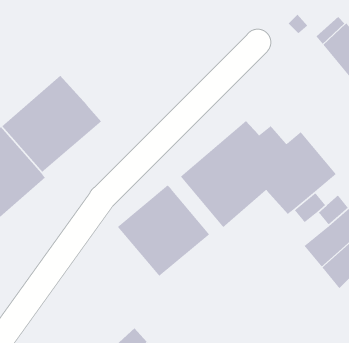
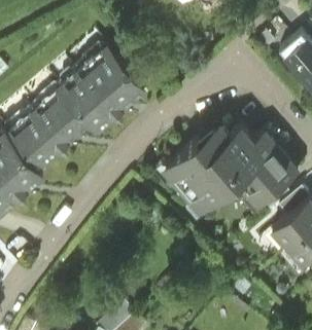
building: none -> [59,42,143,126]
building: [117,184,210,277] -> none

